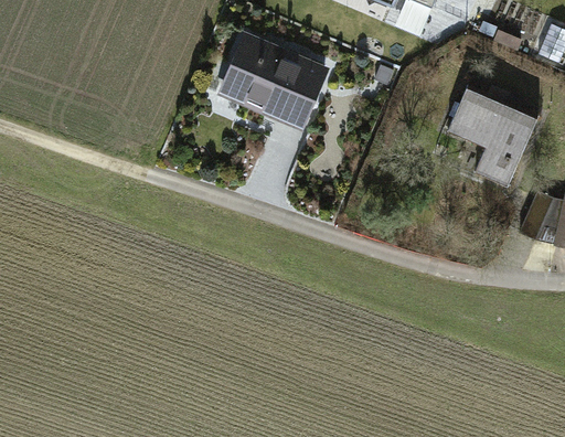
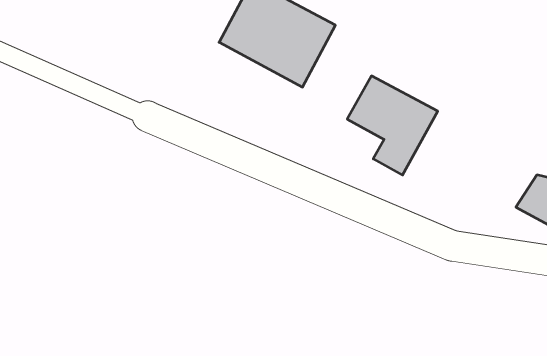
building: [447,86,534,180] -> [347,76,438,175]

